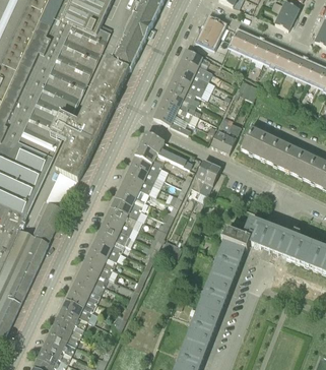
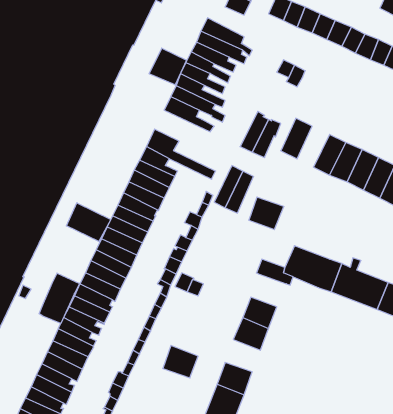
building: none -> [149,48,187,85]
building: [253,128,277,159] -> none
building: none -> [66,203,111,242]
building: none -> [39,273,80,323]
building: [218,239,245,263] -> [249,197,284,230]
building: [199,288,225,312] -> [163,345,198,378]

